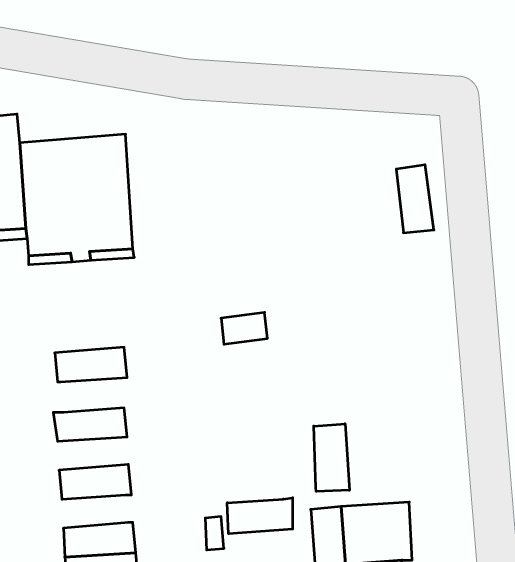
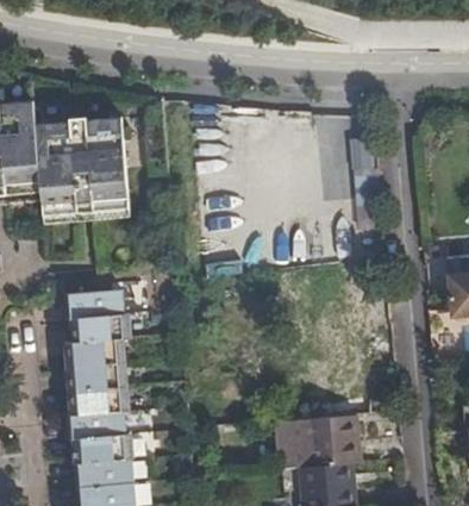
building: none -> [69,313,129,343]
building: [314,424,349,491] -> none
building: none -> [67,363,125,391]
building: none -> [65,411,125,438]
building: [227,498,293,534] -> none

